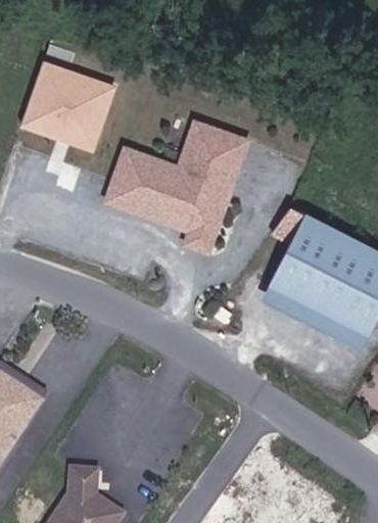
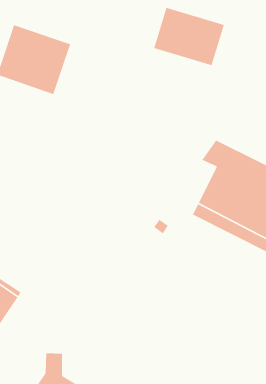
building: none -> [153,7,225,66]
building: [106,118,243,247] -> none

